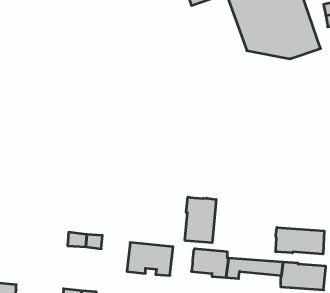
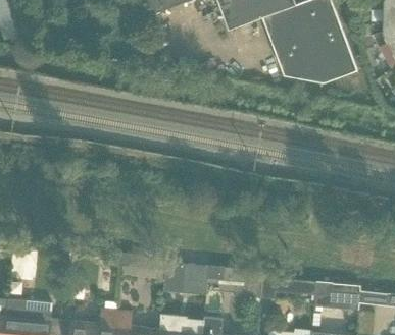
building: [185,197,216,243] -> none
building: [276,227,324,254] -> none

